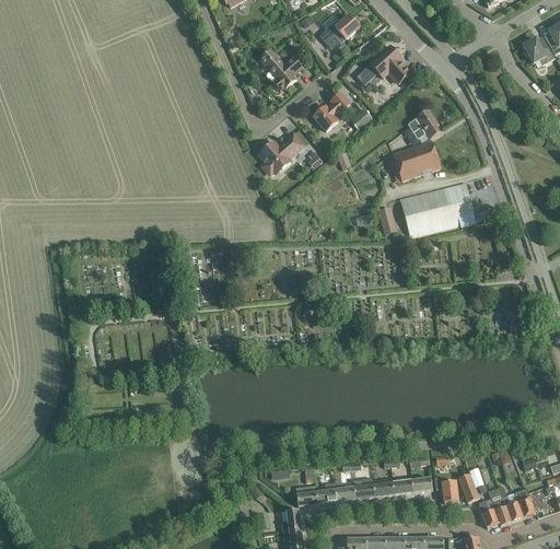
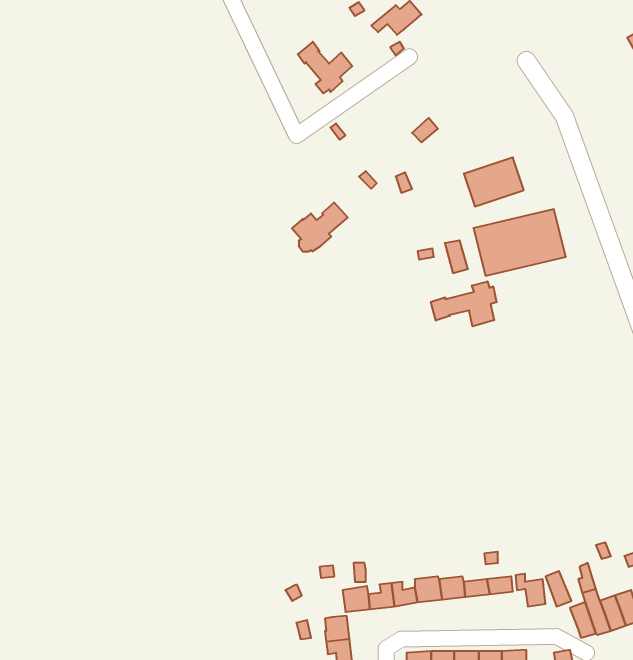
building: [370,46,409,83] -> none
building: [314,93,350,131] -> none
building: [409,109,440,140] -> none
building: [259,133,304,173] -> [292,202,348,251]
building: none -> [431,281,497,326]

